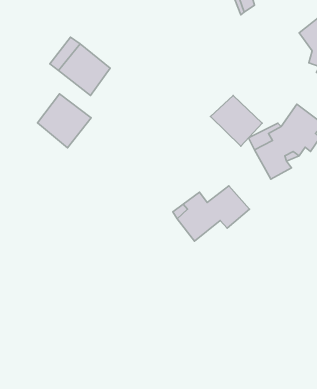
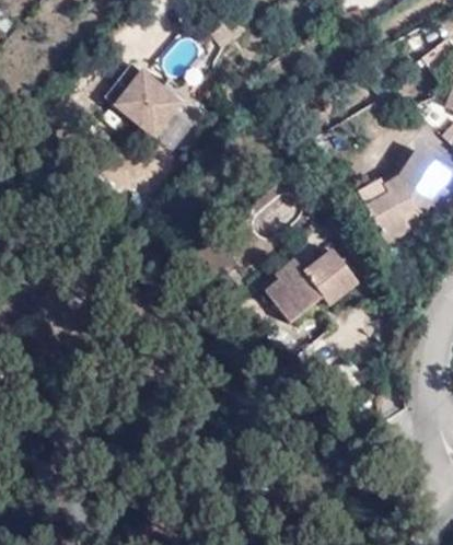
building: [38,94,91,148] -> none
building: [210,95,262,146] -> none

